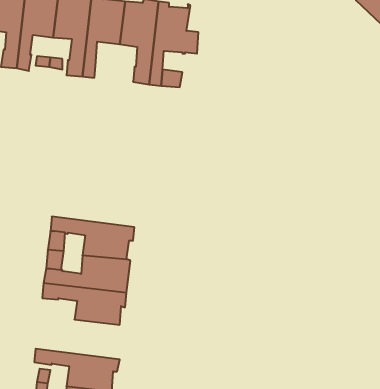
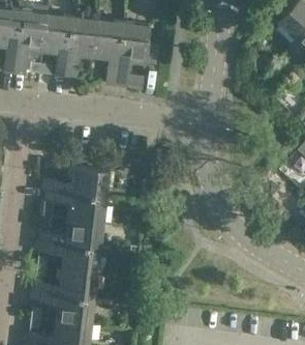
building: none -> [42,168,108,199]
building: none -> [30,270,96,301]

